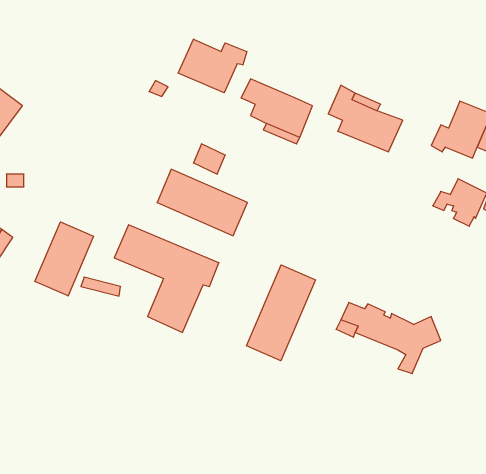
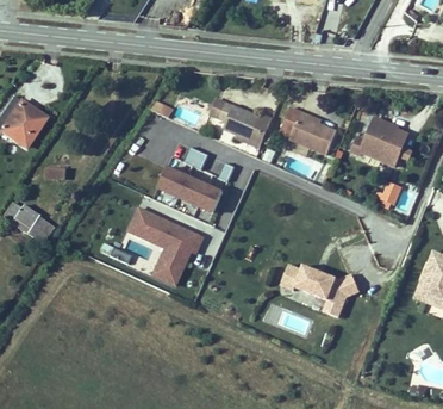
building: [178,39,247,93] -> none
building: [35,222,94,296] -> none
building: [246,265,315,361] -> none

